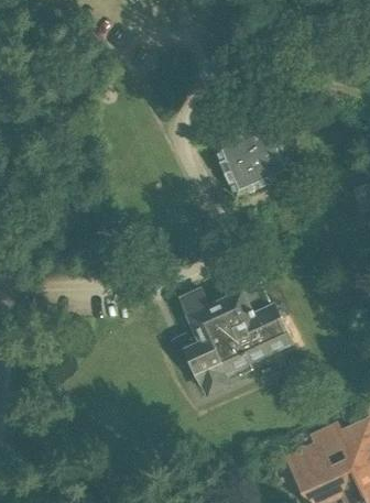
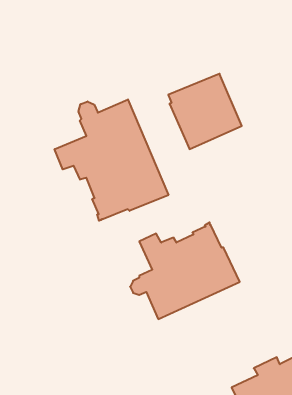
building: none -> [55,99,168,221]

